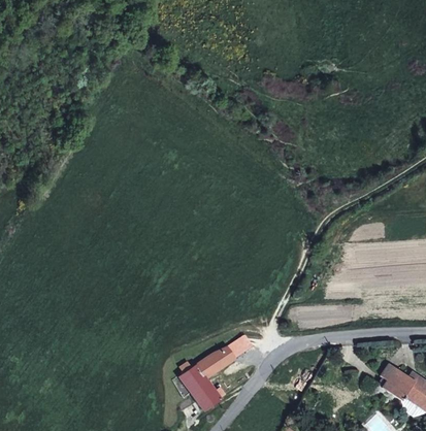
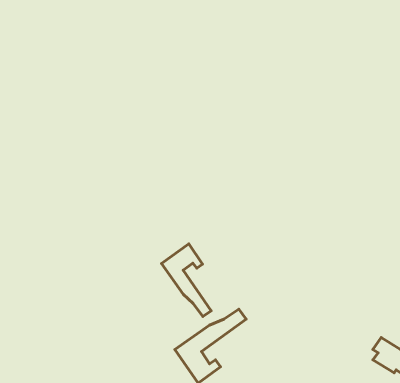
building: none -> [161,244,211,317]

